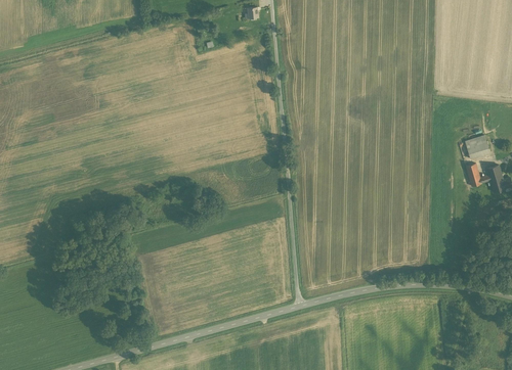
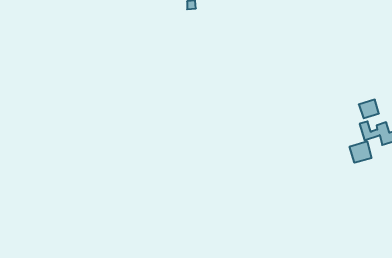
building: none -> [350,141,371,163]

